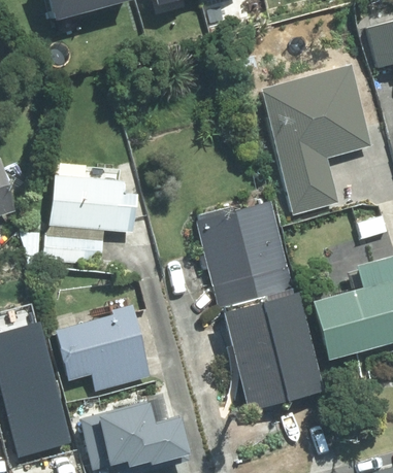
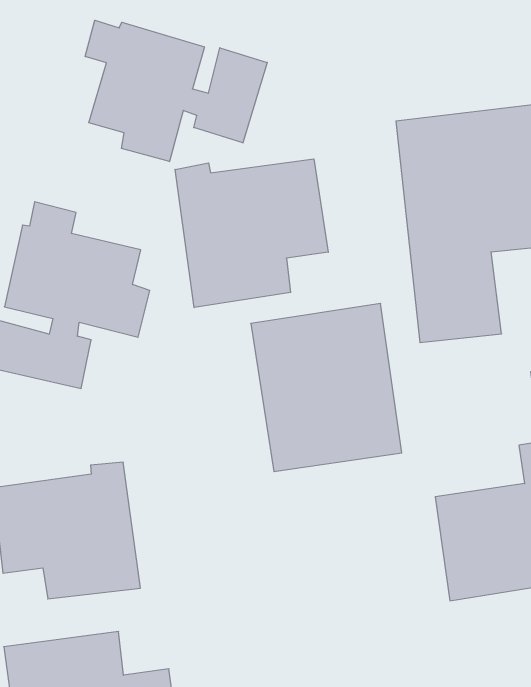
building: none -> [85,20,267,162]
building: none -> [175,159,328,308]
building: [219,285,318,402] -> none

